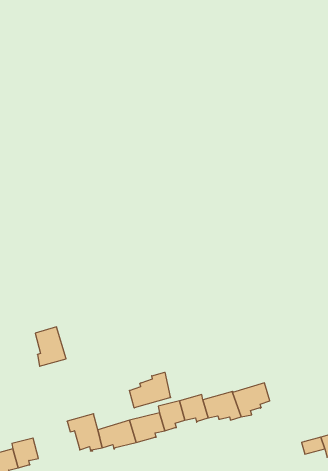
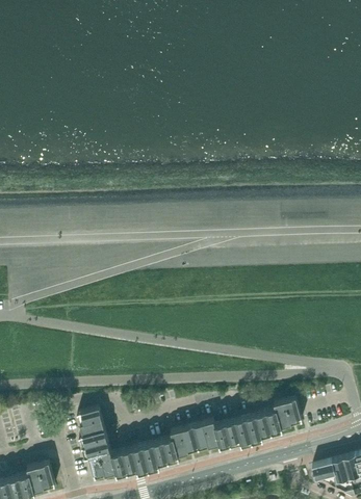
building: [35,327,66,366] -> [77,410,107,448]
building: none -> [274,399,301,428]
building: [129,372,171,408] -> none

